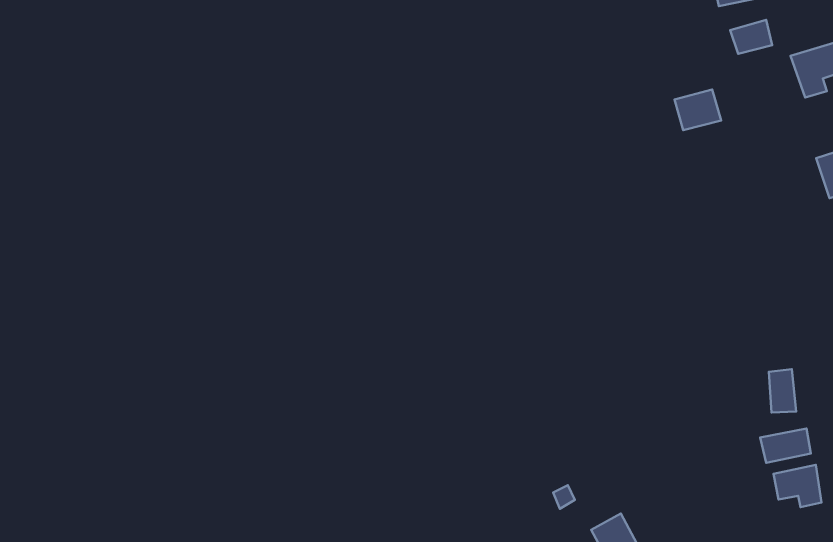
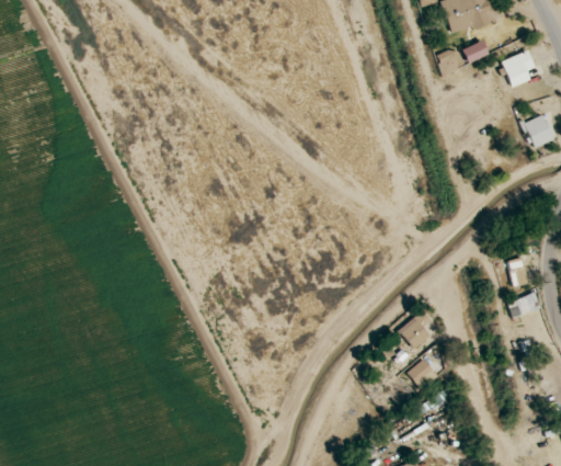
building: [674,90,721,130] -> [435,48,466,76]
building: none -> [399,312,431,350]
building: [773,465,822,507] -> none

